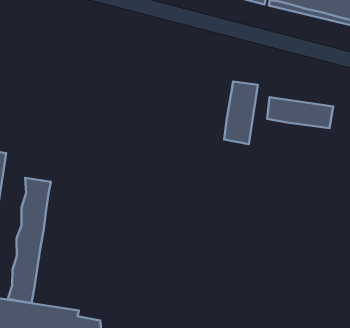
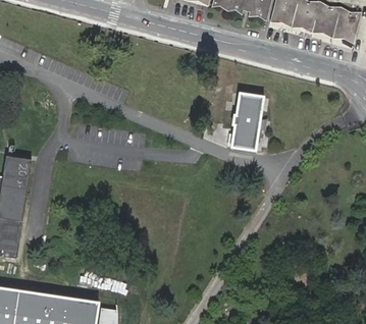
building: [267,97,333,128] -> none
building: [8,178,51,303] -> none

